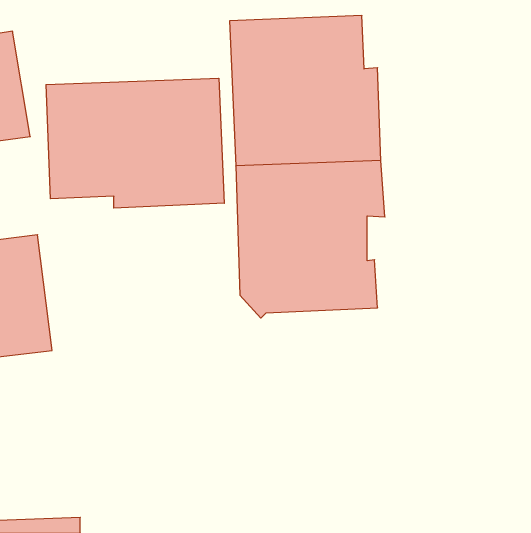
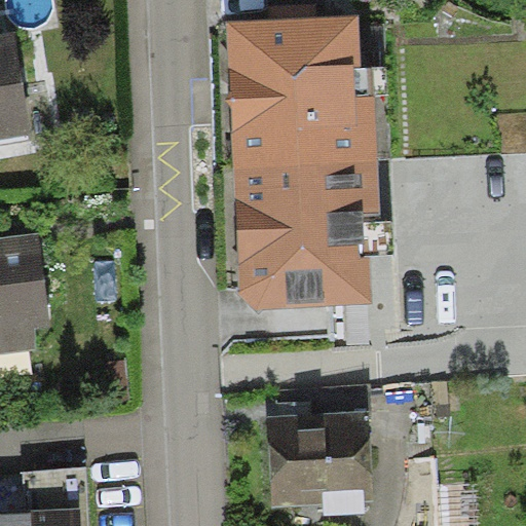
building: [46,78,224,208] -> none
building: none -> [267,412,369,505]

